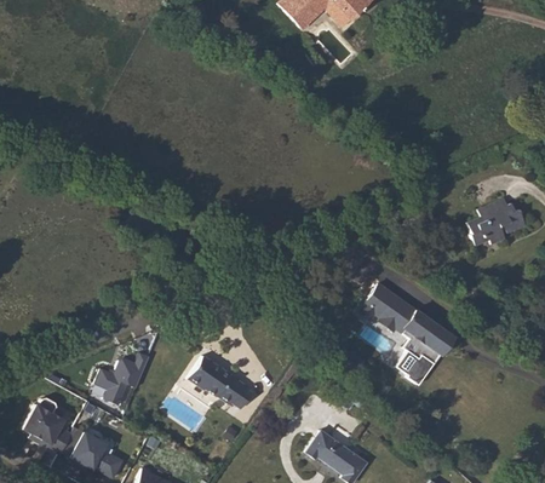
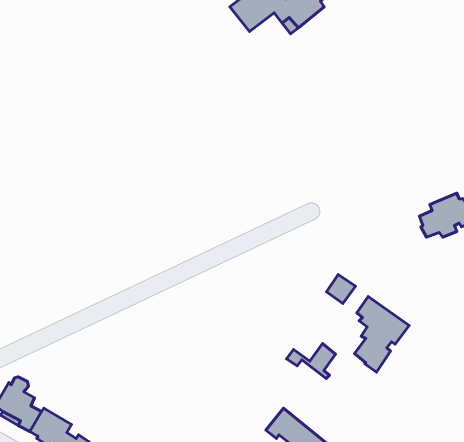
building: [361,299,412,335] -> [287,344,335,379]
building: [97,349,153,403] -> none
building: [189,350,258,403] -> none

